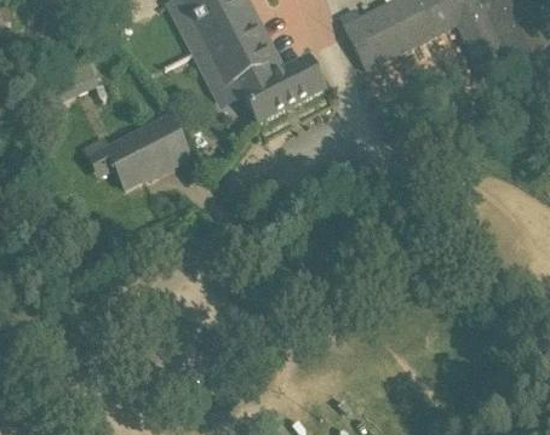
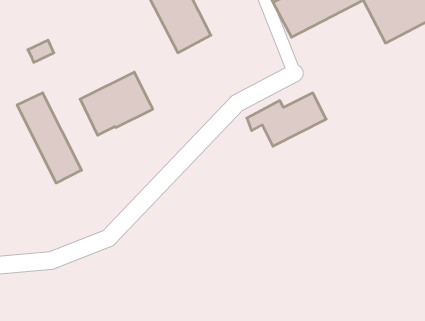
building: [224,56,323,122] -> [247,93,326,146]
building: none -> [17,93,82,183]

